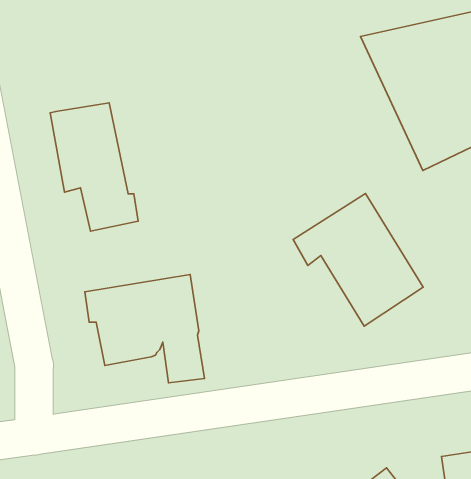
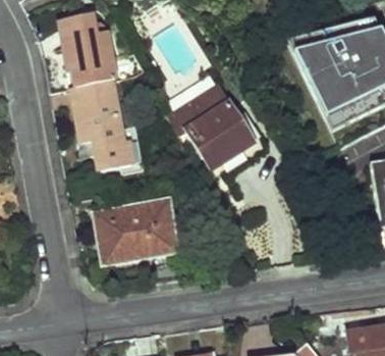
building: none -> [60,16,115,86]
building: [293,193,423,326] -> [167,81,259,174]

